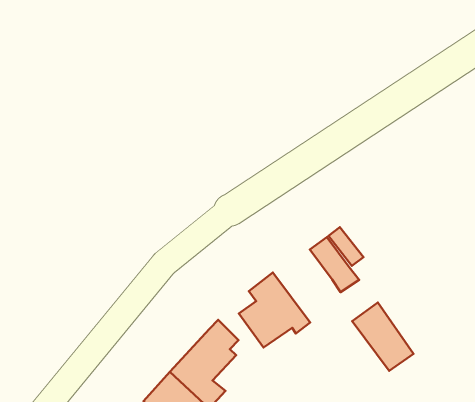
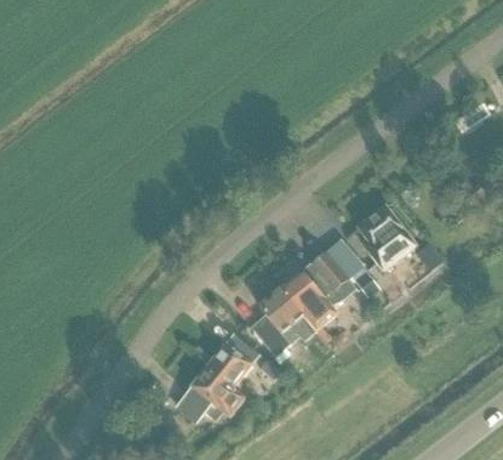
building: none -> [356,204,415,269]
building: [352,303,413,371] -> [279,268,336,329]

